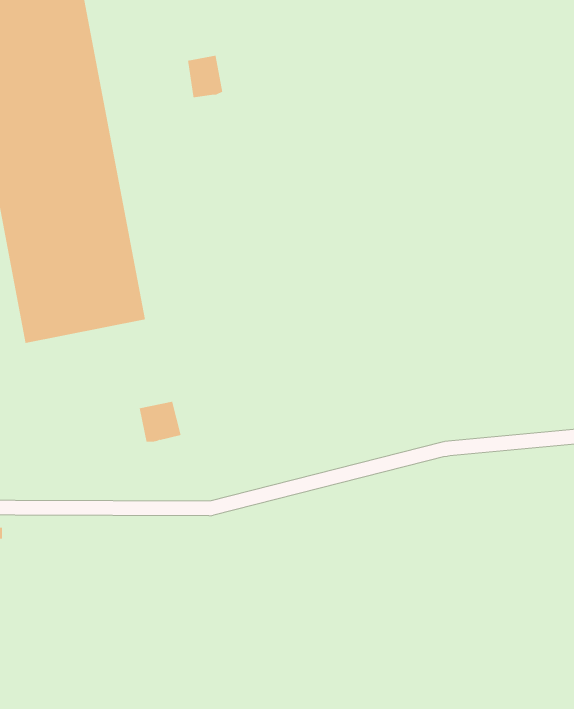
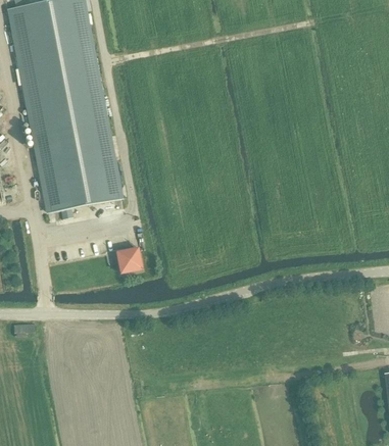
building: [187,55,223,98] -> none

